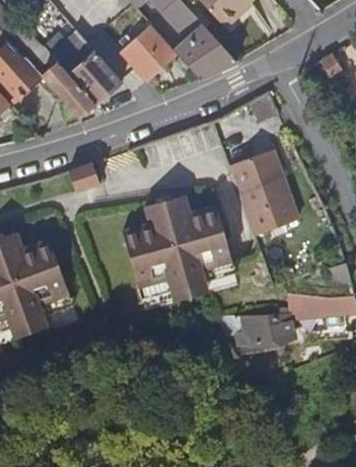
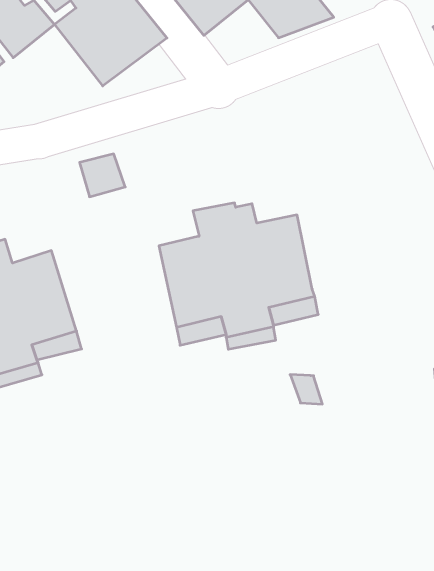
building: [228,149,294,233] -> none
building: [248,310,296,340] -> none

